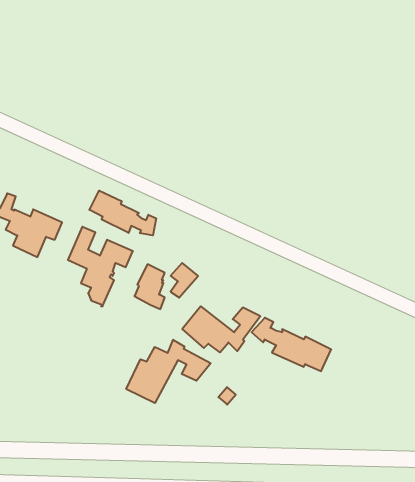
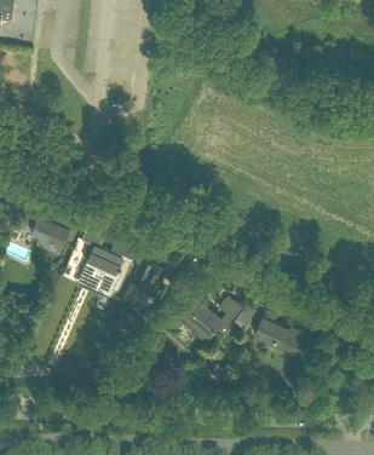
building: [89,191,156,235] -> none
building: [126,340,211,403] -> none

